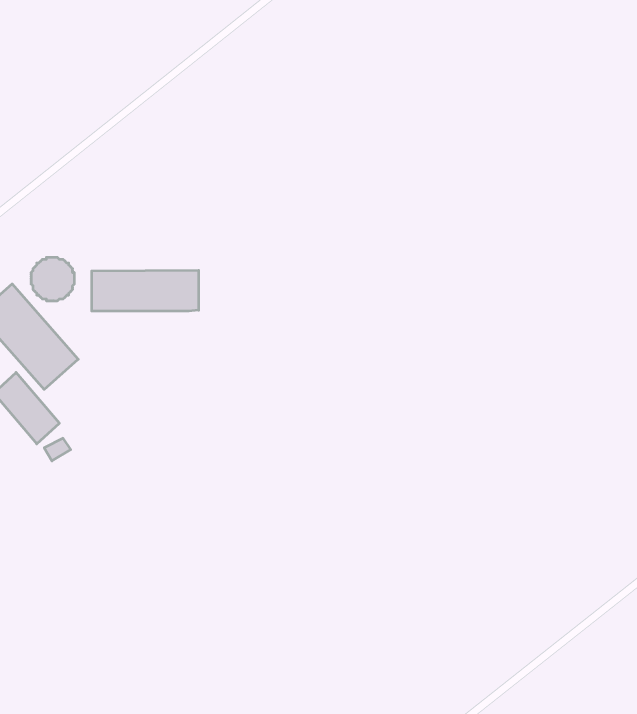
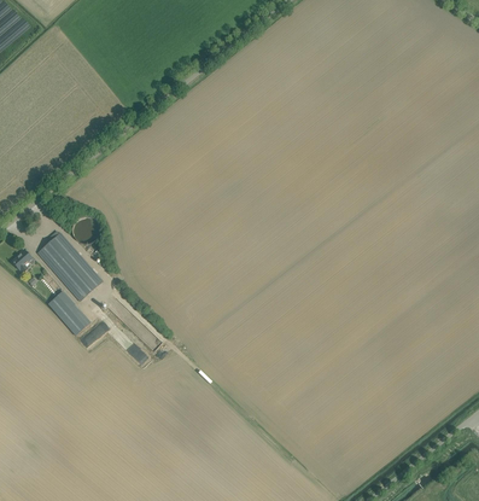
building: [92,270,199,311] -> none

